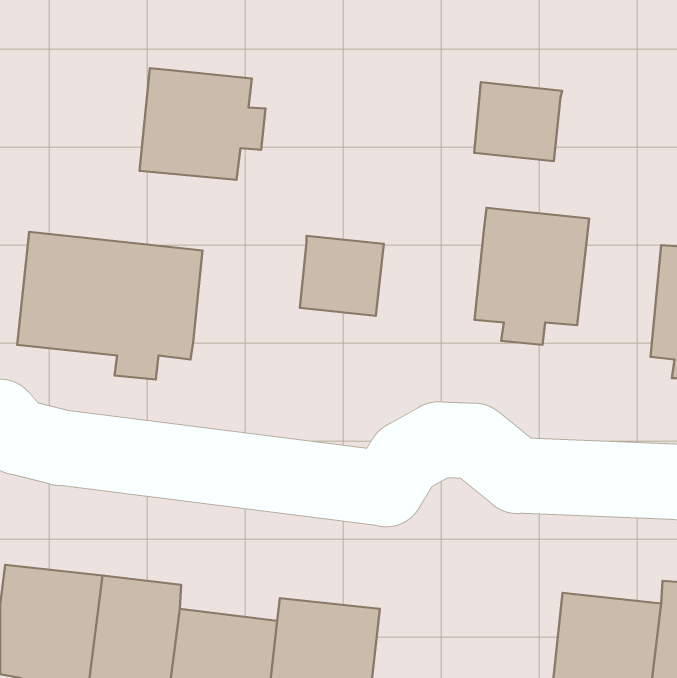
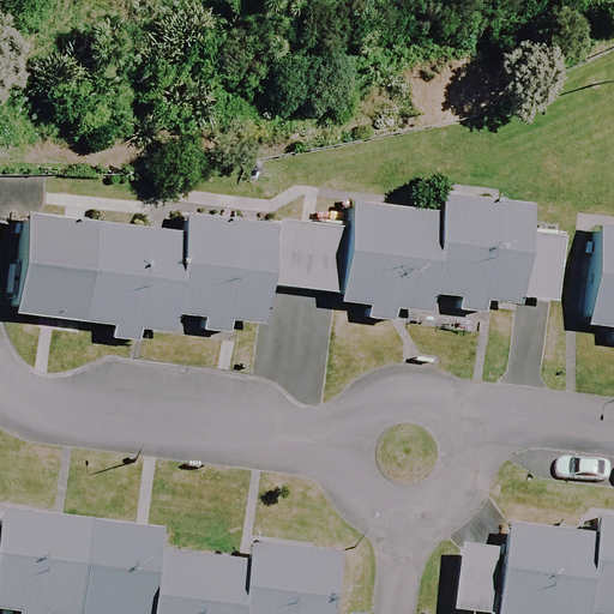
building: [139,68,266,180] -> none
building: [474,82,562,161] -> none
building: none -> [341,200,439,324]
building: none -> [177,211,279,335]

